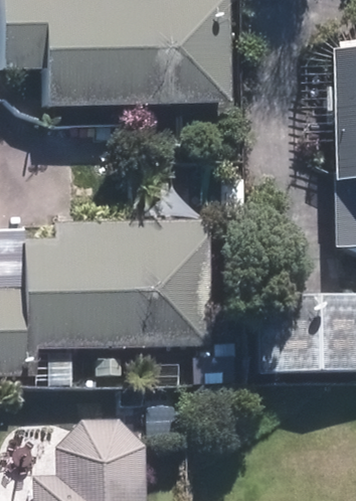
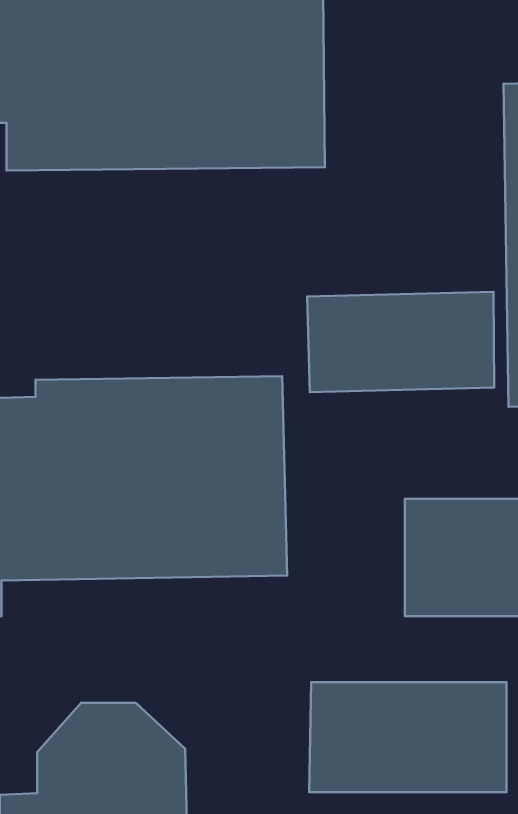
building: none -> [307,292,494,392]
building: none -> [309,682,507,792]

